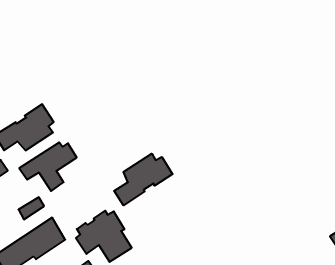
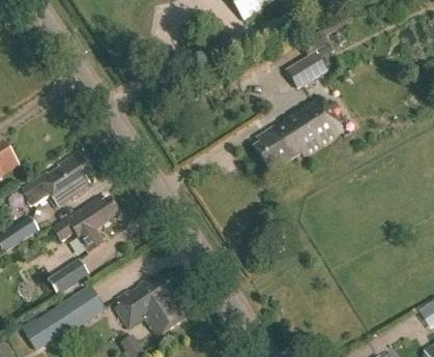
building: none -> [286,38,328,89]
building: none -> [254,95,342,172]
building: [114,154,173,205] -> none

